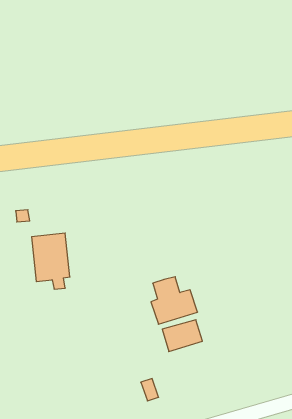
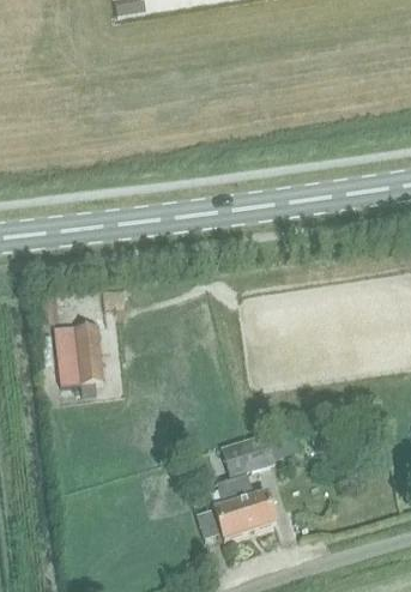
building: [151,277,198,324] -> [214,475,274,536]

